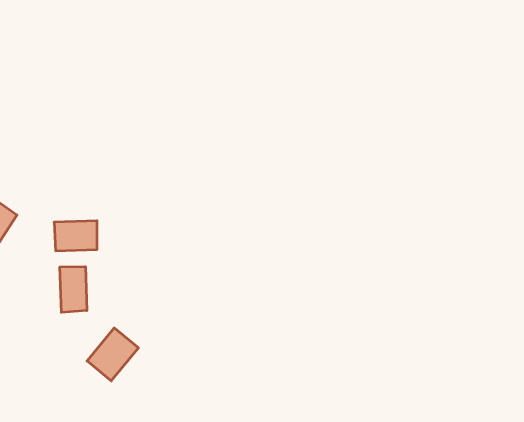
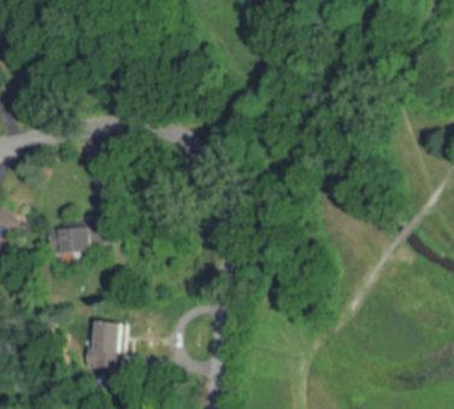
building: [60,267,87,312] -> none

